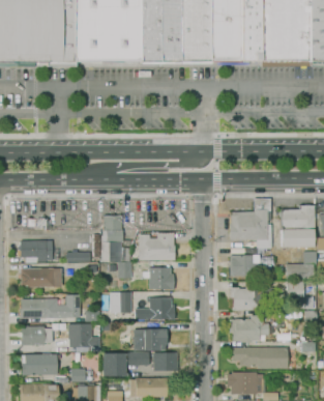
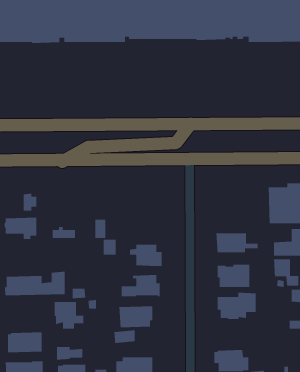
building: [228,198,271,249] -> none
building: [102,216,123,241] -> none
building: [138,233,174,260] -> none
building: [20,267,61,287] -> none
building: [110,291,145,312] -> none
building: [21,322,66,345] -> none
building: [232,346,288,368] -> none
building: [101,352,125,379] -> none
building: [153,352,176,370] -> none

